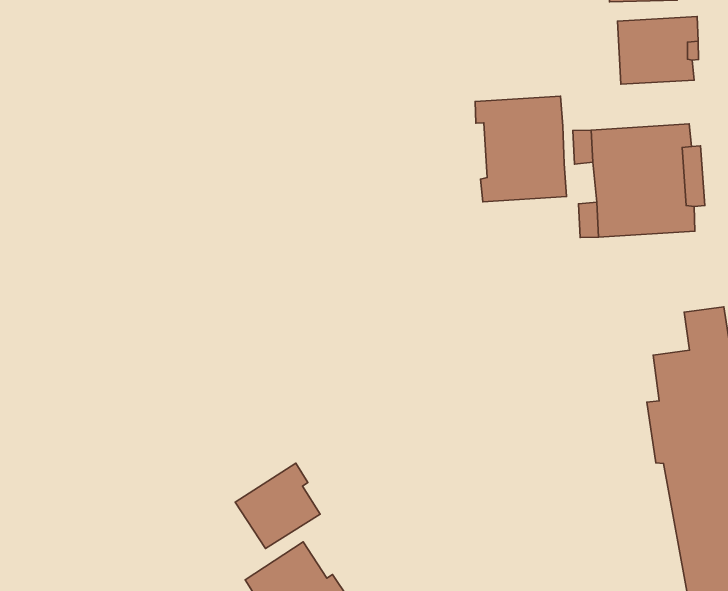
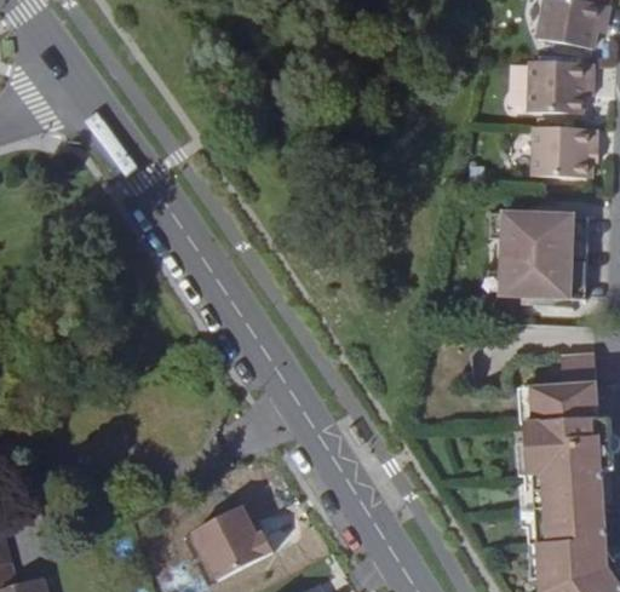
building: [475,96,567,202] -> none
building: [235,463,320,549] -> none

